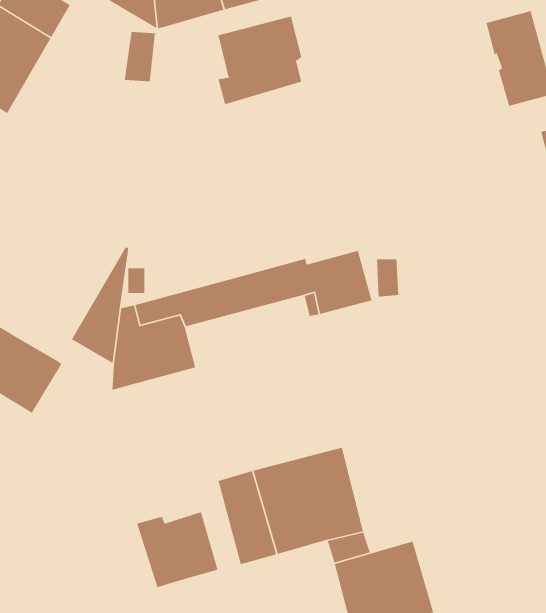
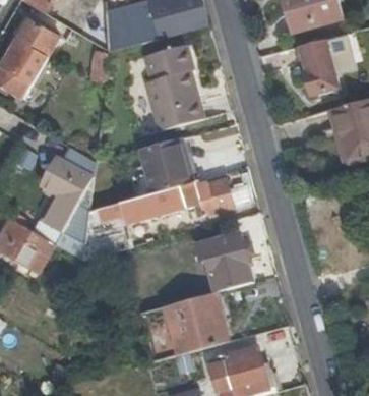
building: none -> [148,80,203,129]
building: none -> [140,136,194,193]
building: none -> [34,159,91,241]
building: none -> [203,232,253,291]
building: [136,511,219,588] -> none

